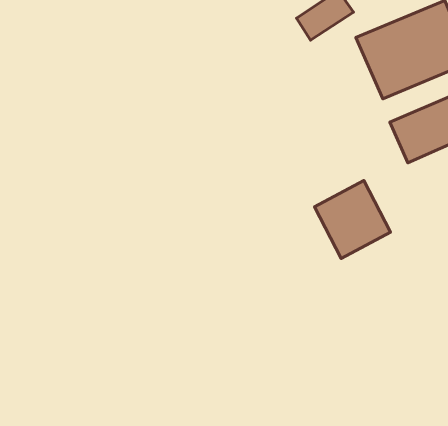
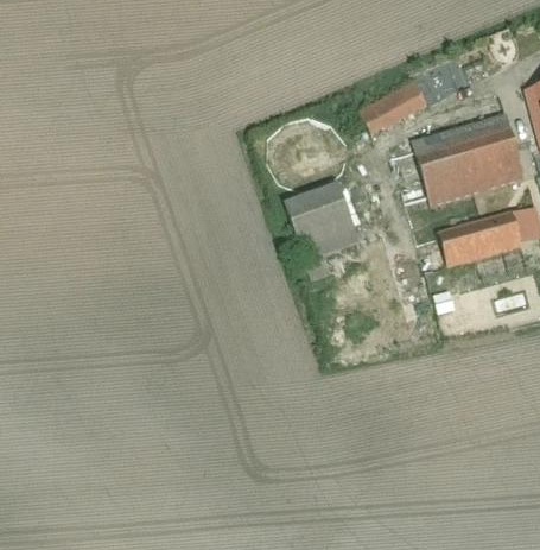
building: [314,180,391,259] -> [285,189,356,263]

